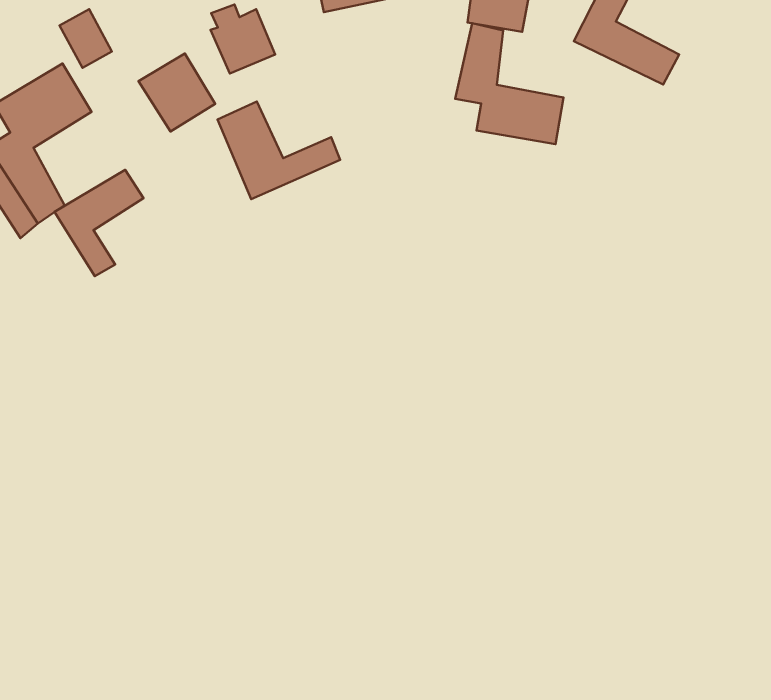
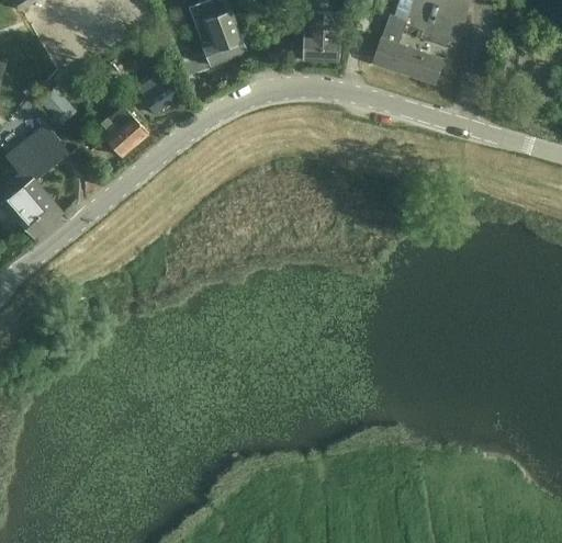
building: [455,23,563,144] -> none
building: [217,101,340,199] -> none
building: [55,170,143,276] -> none

